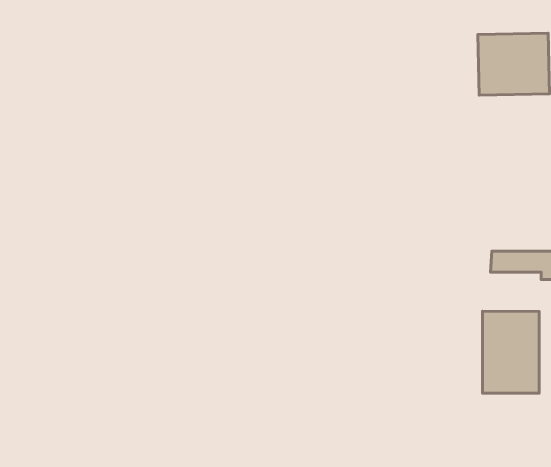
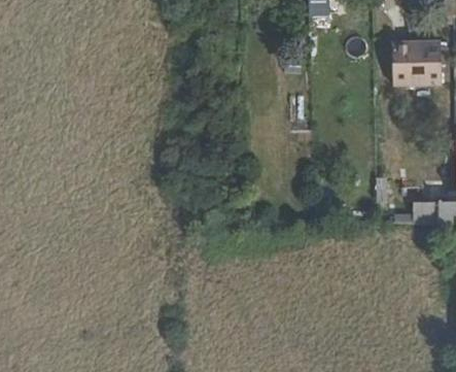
building: [482,311,539,393] -> none

